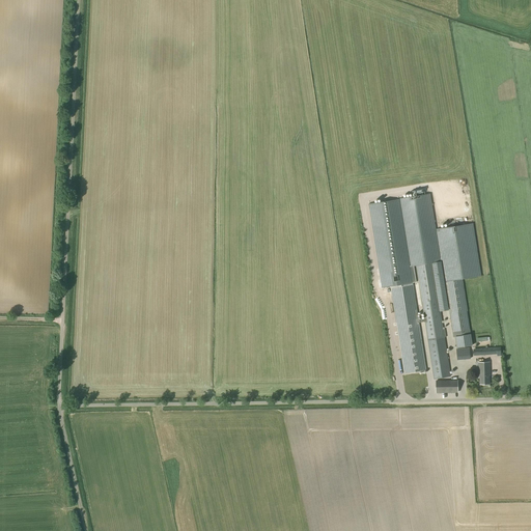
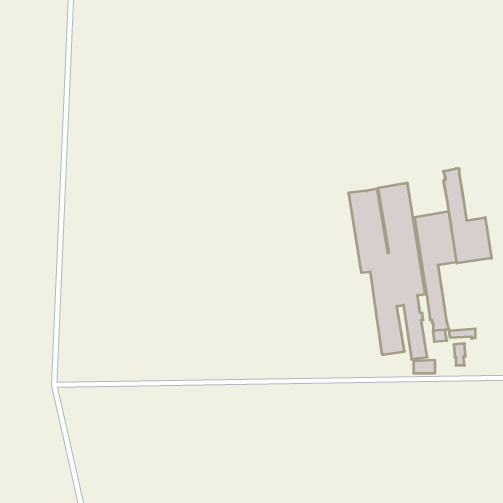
building: none -> [443,168,492,263]

